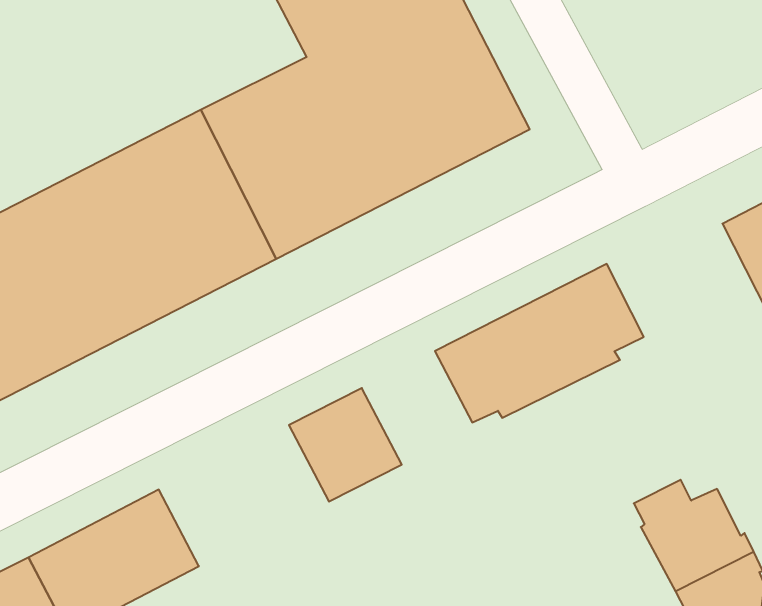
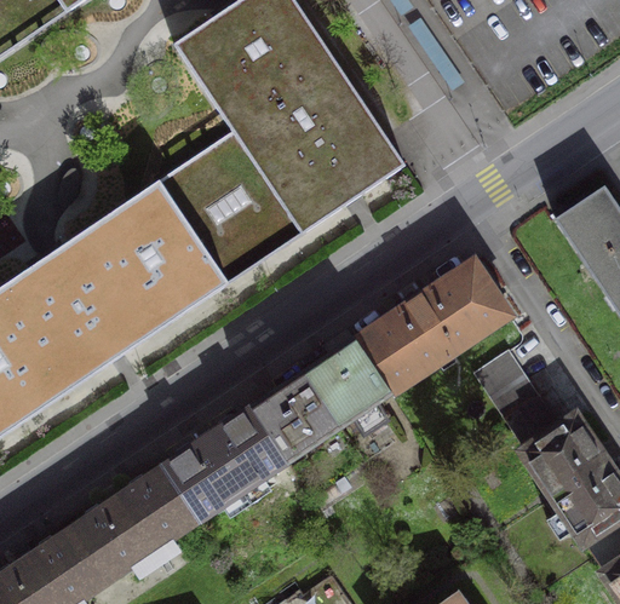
building: none -> [303,338,390,435]
building: none -> [475,350,547,433]
building: none -> [161,405,288,518]

